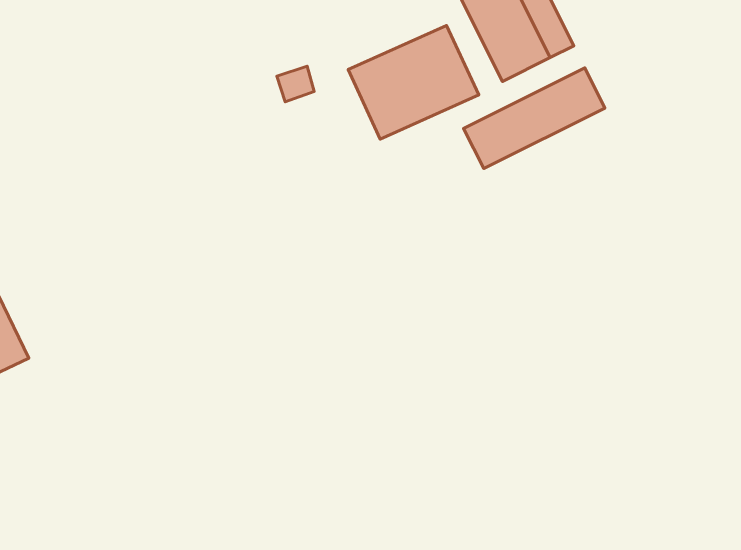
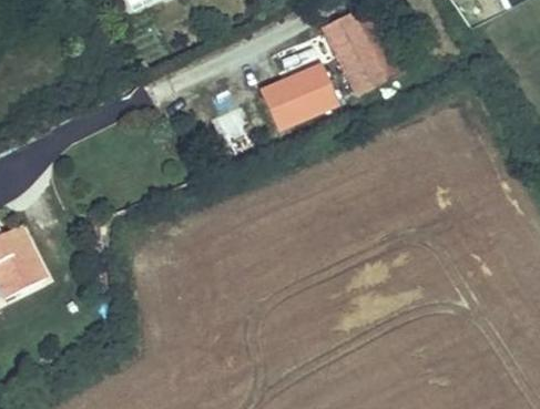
building: [464,68,605,169] -> none

